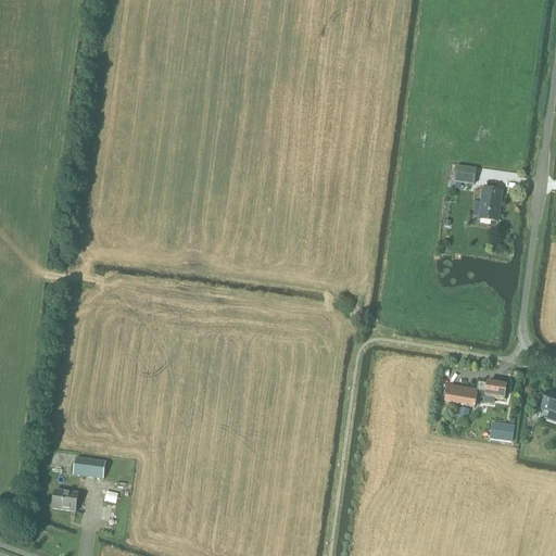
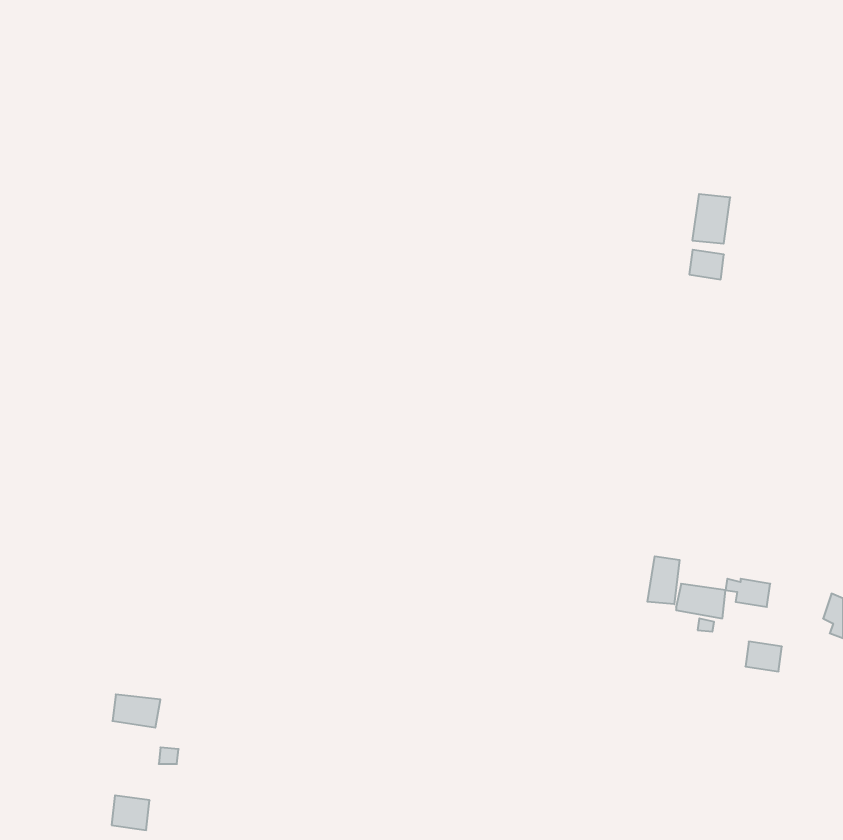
building: [477,187,502,219] -> [692,194,730,244]
building: none -> [647,556,680,604]
building: [52,488,77,510] -> [112,795,150,830]

